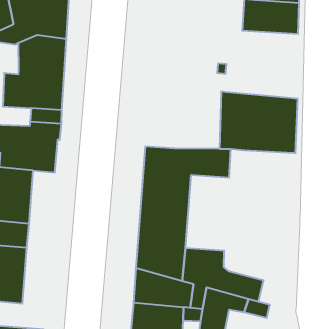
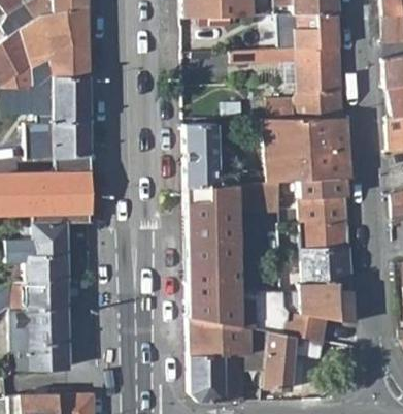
building: none -> [231,47,342,118]
building: none -> [184,123,217,185]
building: none -> [281,177,354,323]

